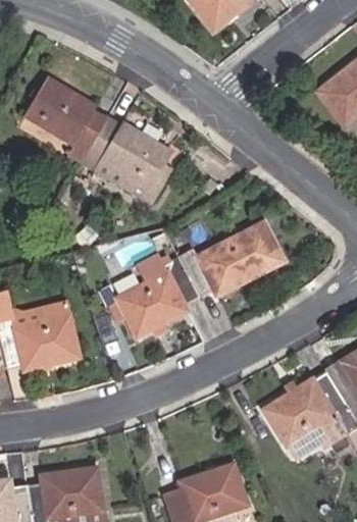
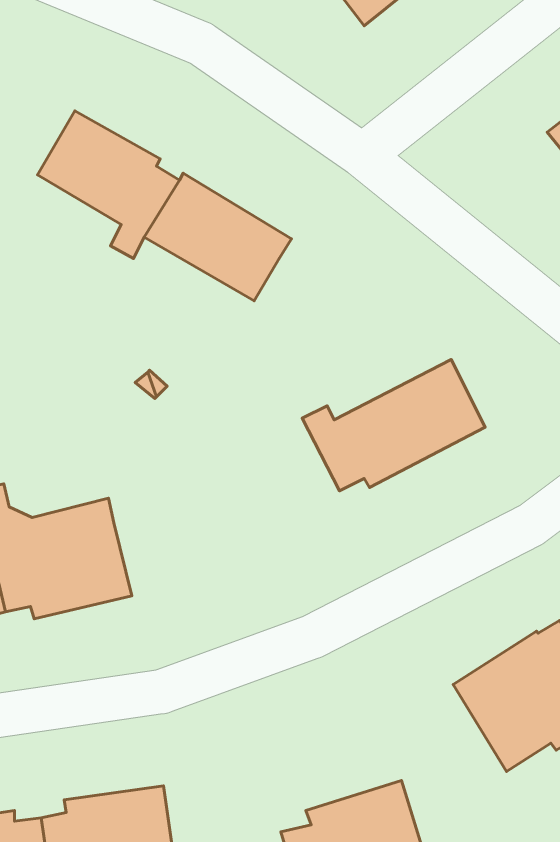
building: [81,152,172,205] -> none
building: [109,252,199,337] -> none

